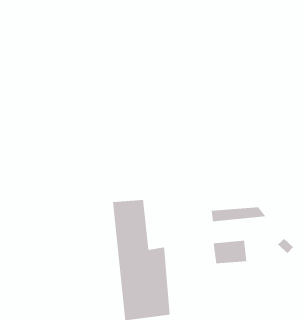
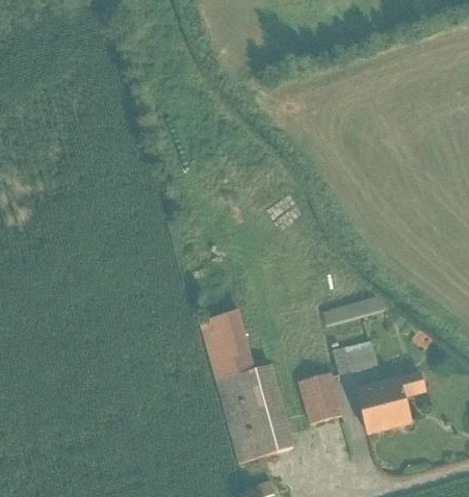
building: none -> [298,372,343,423]
building: none -> [357,370,426,433]

